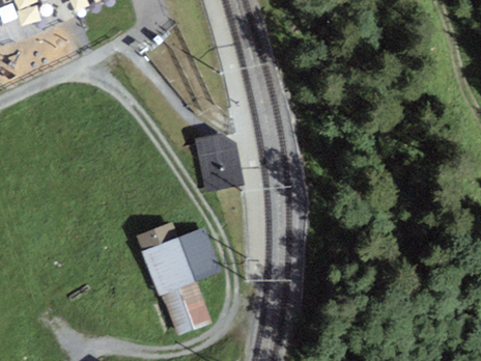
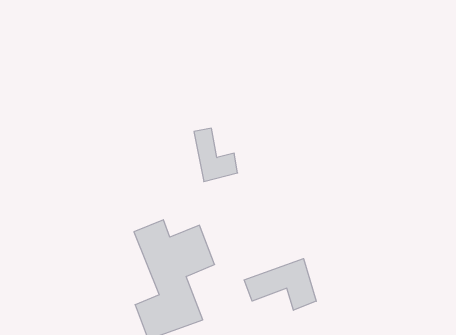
building: none -> [244,259,316,310]

